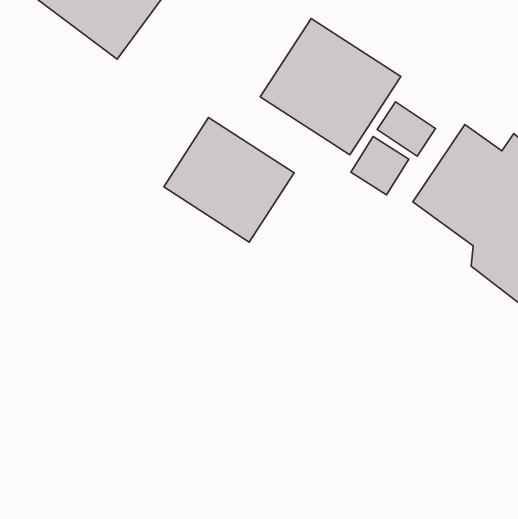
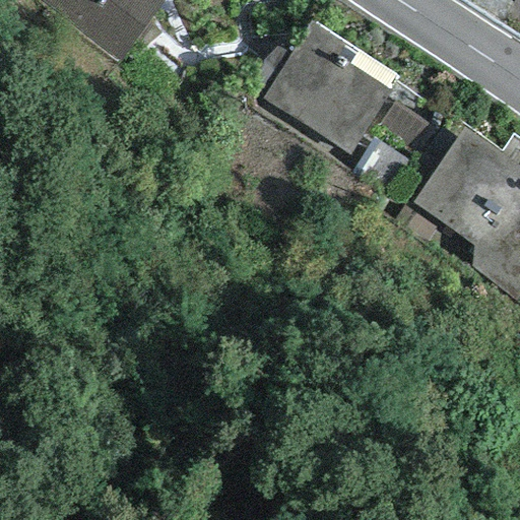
building: [164,118,294,242] -> none

